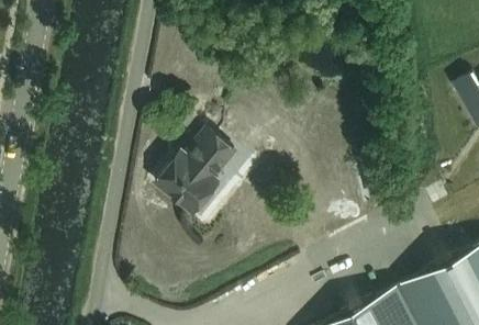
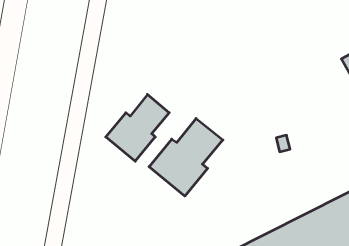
building: none -> [149,118,223,196]

